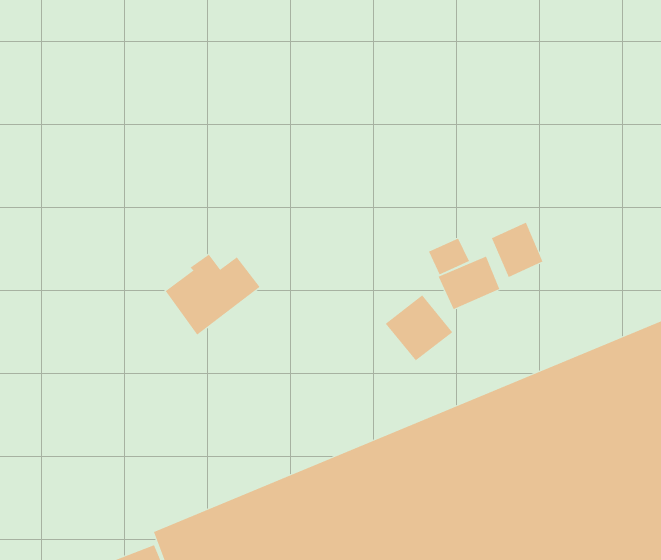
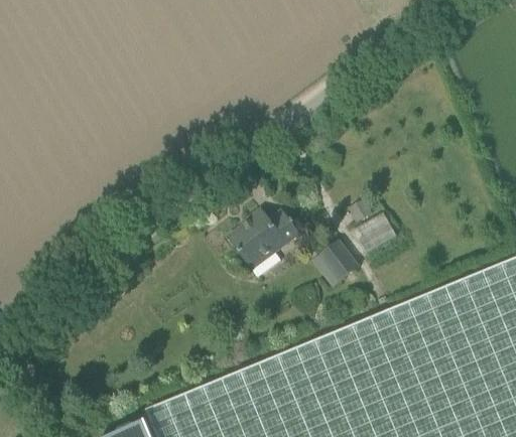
building: [491,222,543,278] -> none
building: [165,254,261,336] -> [229,211,298,271]

